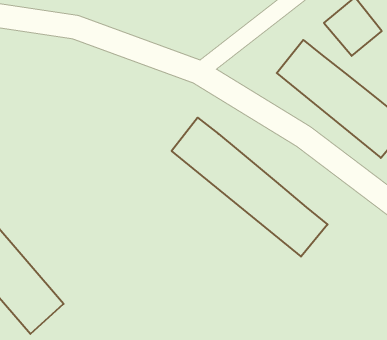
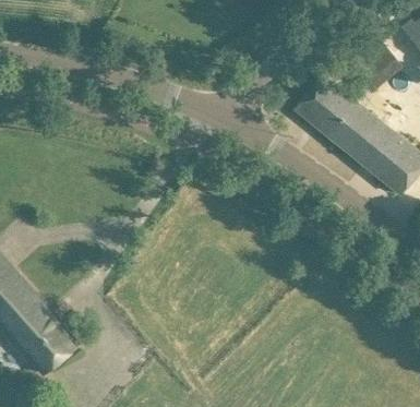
building: [172,118,328,257] -> none

